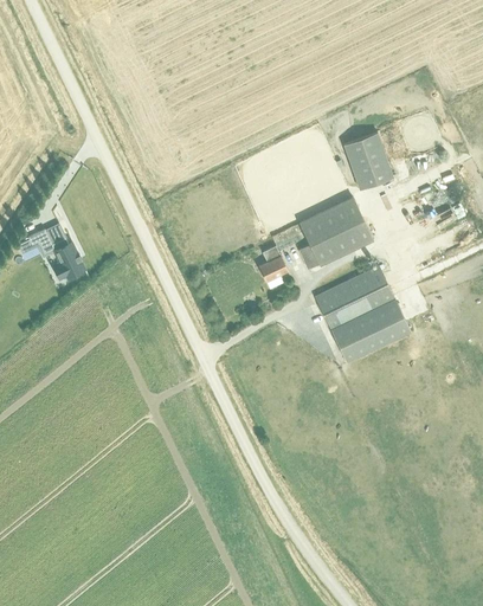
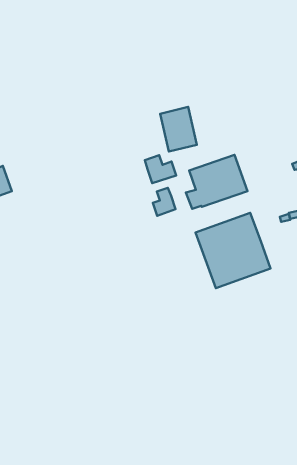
building: [344,133,393,189] -> [160,107,197,152]
building: none -> [145,155,176,183]

